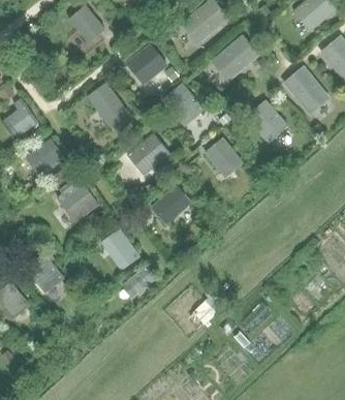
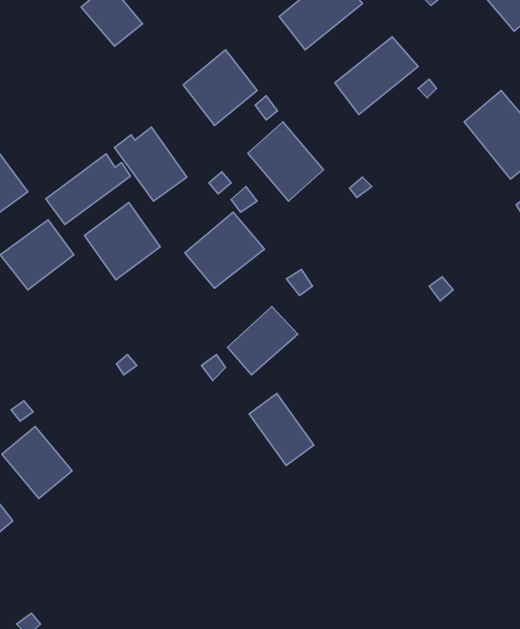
building: [246,100,288,144] -> none
building: none -> [46,154,131,225]
building: [205,139,243,175] -> none
building: [57,180,99,223] -> [84,202,160,280]
building: [100,230,136,271] -> [249,394,314,466]

